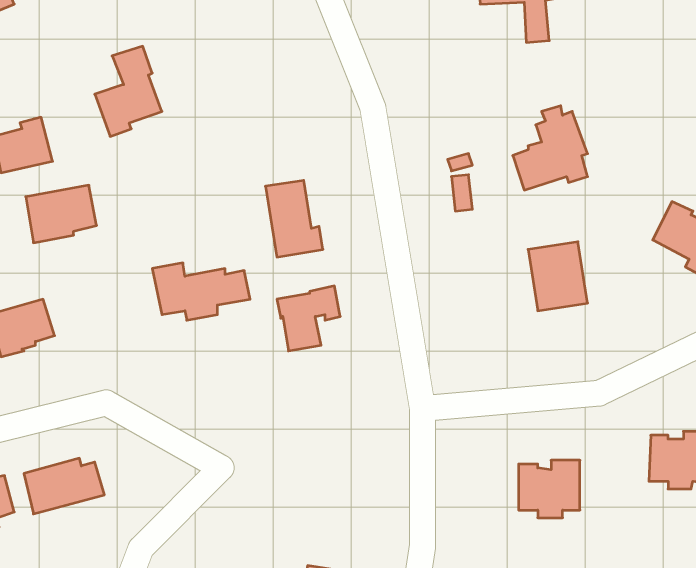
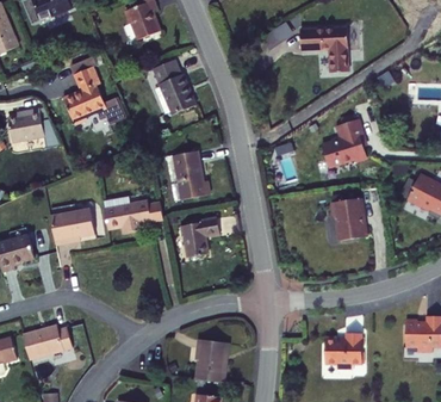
building: none -> [150,61,193,118]
building: [26,185,97,243] -> [48,211,92,247]
building: none -> [194,339,228,383]

